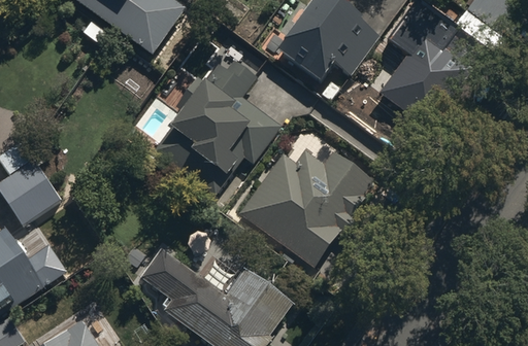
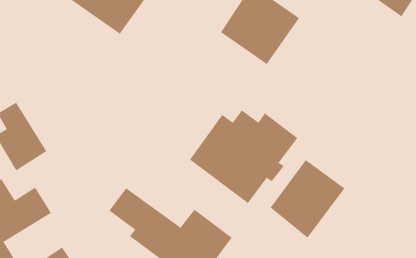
building: [375,21,473,129] -> none
building: [158,58,282,192] -> none
building: none -> [270,159,345,239]

